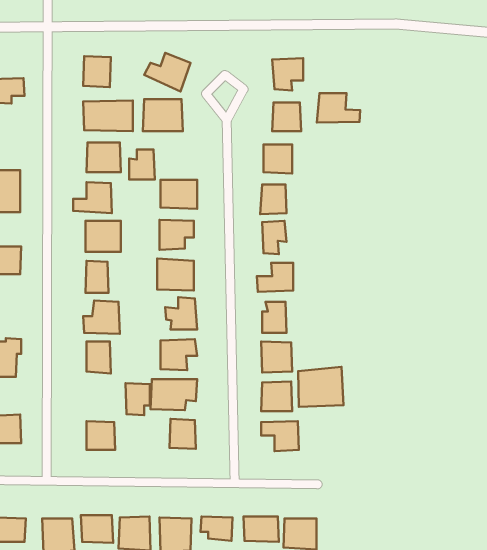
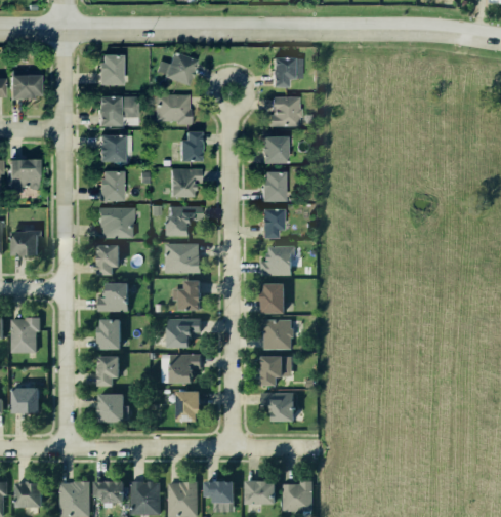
building: [317,93,360,122] -> none
building: [129,150,155,180] -> [177,132,201,160]
building: [298,367,343,407] -> none
building: [125,383,150,415] -> [98,355,121,385]

